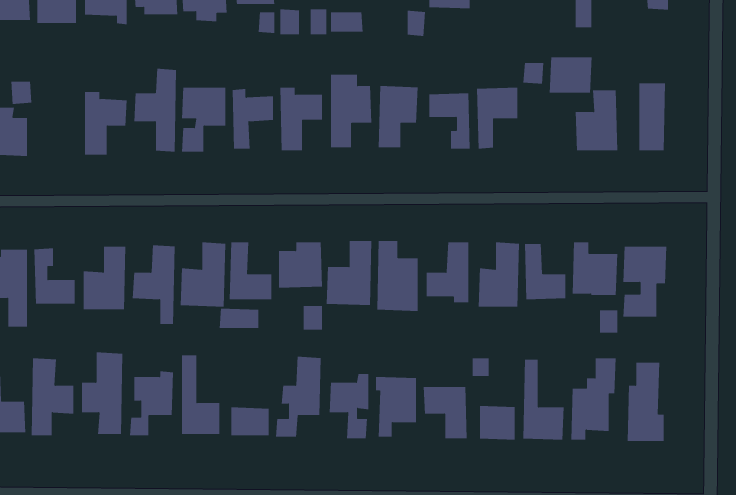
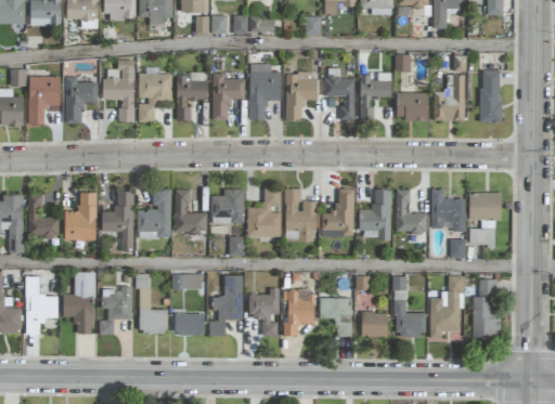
building: [549,57,592,93] -> [396,93,428,120]
building: none -> [27,77,60,125]
building: [219,308,259,328] -> [171,274,202,289]

